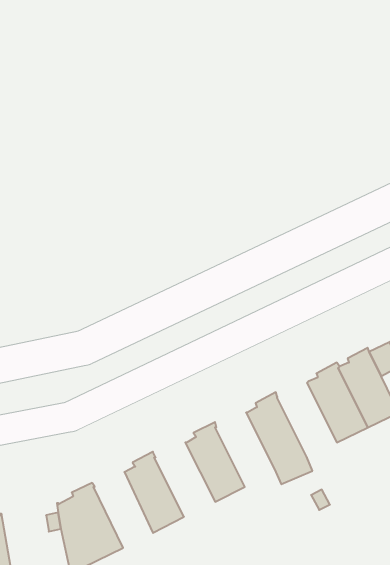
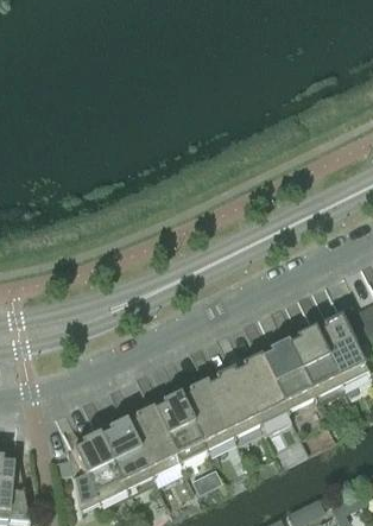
building: none -> [260,340,312,410]
building: none -> [206,366,259,436]
building: none -> [152,392,206,462]
building: none -> [99,418,151,489]

